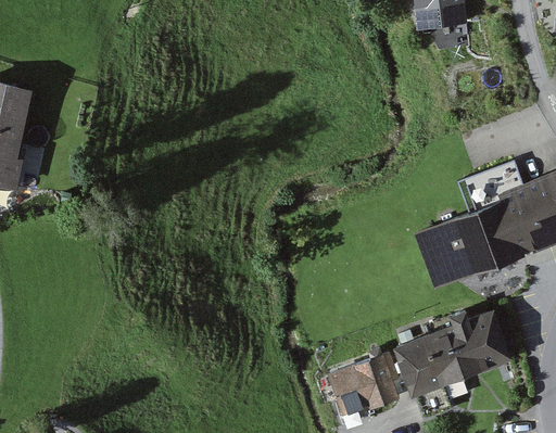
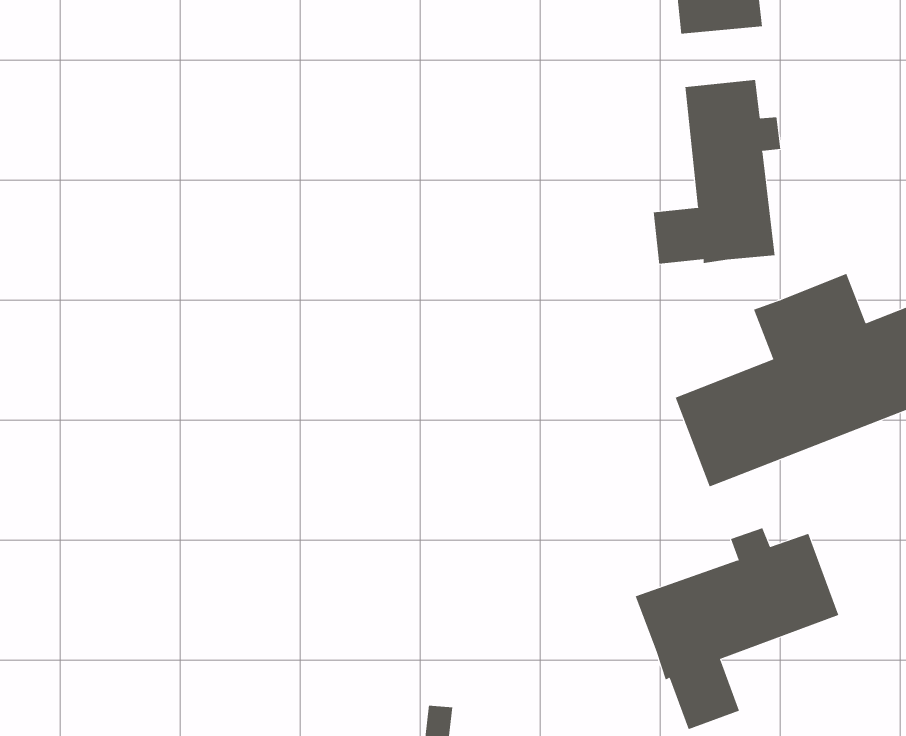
building: none -> [653,79,781,264]
building: [331,349,401,417] -> none

